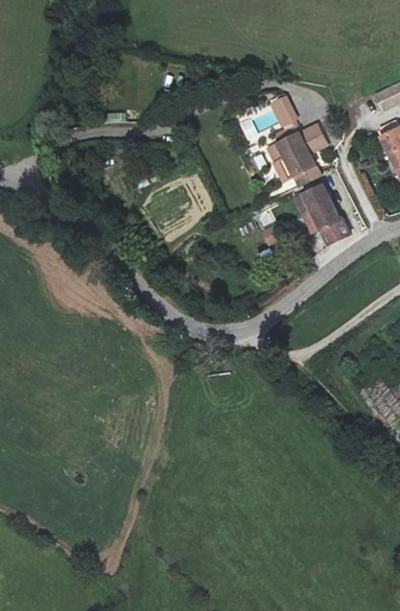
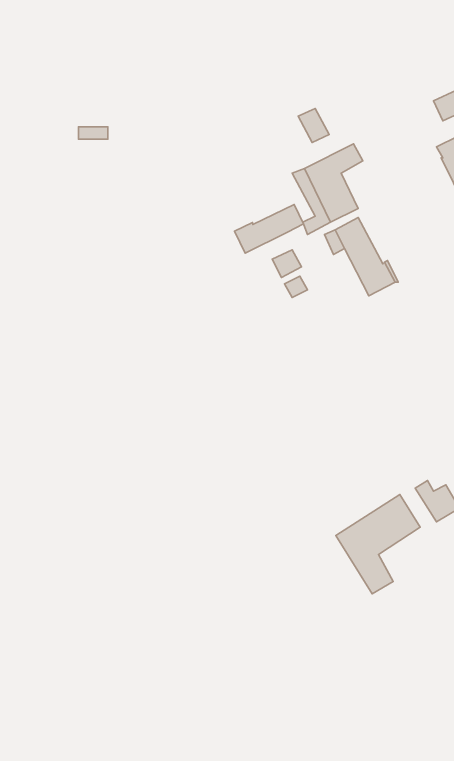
building: none -> [234,204,304,253]
building: none -> [336,495,420,594]

